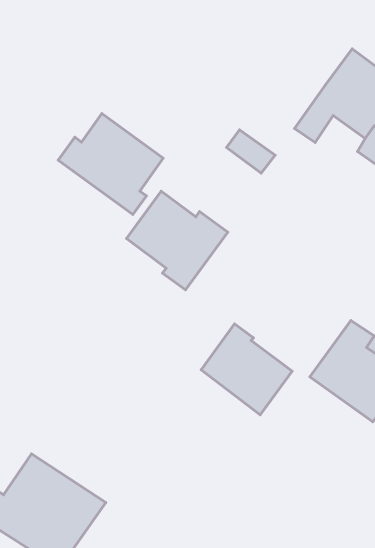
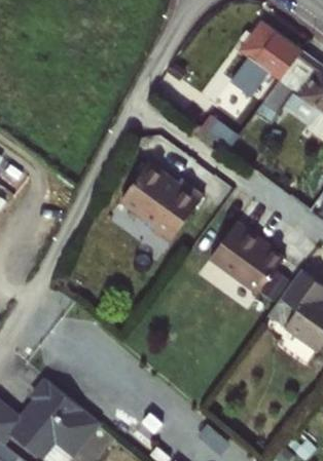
building: none -> [242,24,302,84]
building: [58,114,163,214] -> none
building: [201,324,292,415] -> [208,224,281,297]

